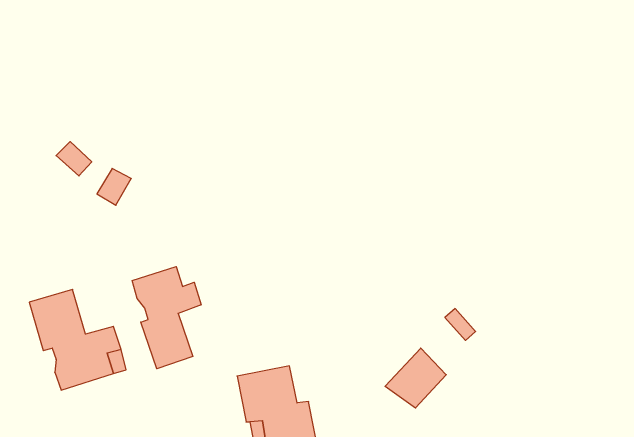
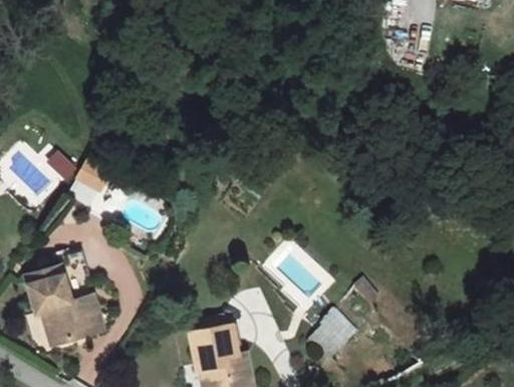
building: [132,267,201,369] -> none

